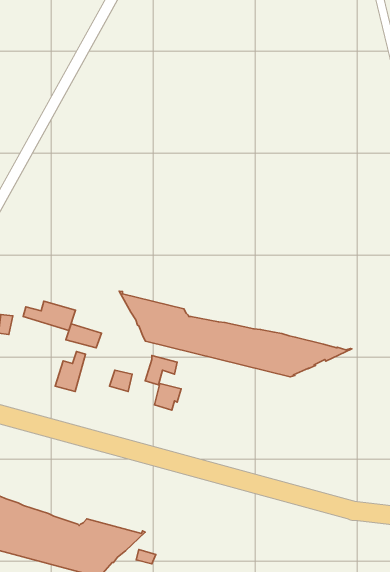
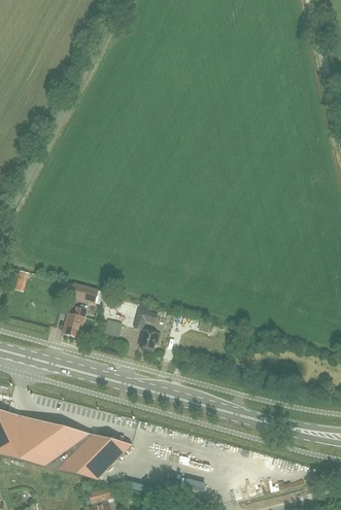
building: [119,291,352,377] -> none
building: [23,301,76,330] -> none

